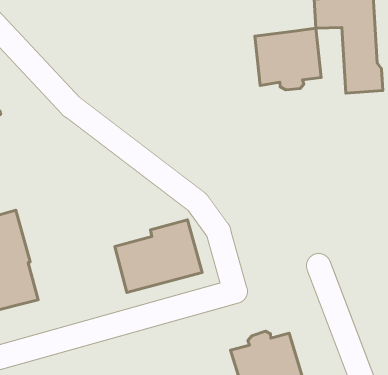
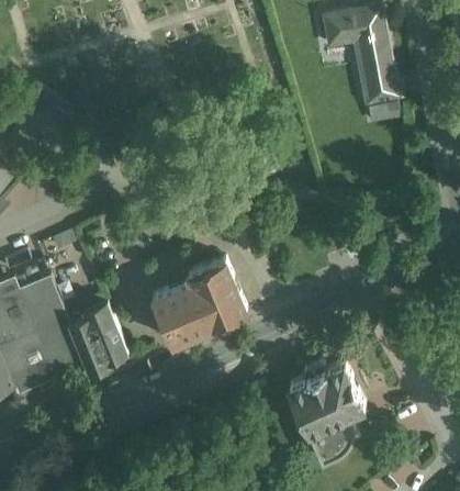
building: [255,28,321,90] -> none
building: none -> [67,312,125,372]

